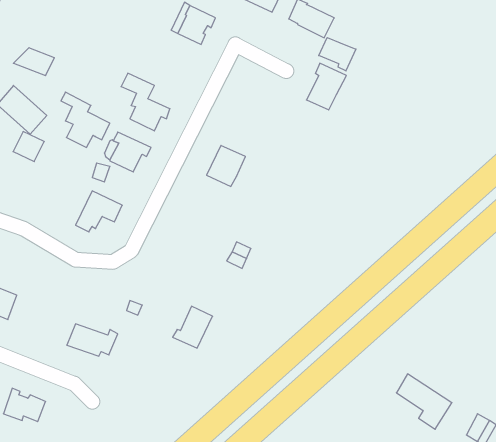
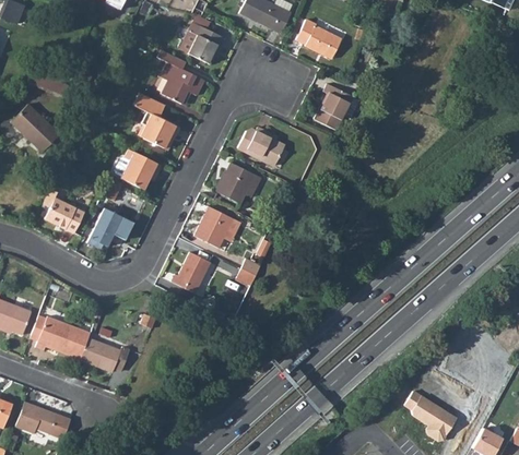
building: [319,38,356,71] -> none
building: [61,92,110,147] -> [156,48,204,103]
building: none -> [238,127,285,165]
building: [13,132,44,162] -> [45,197,75,227]
building: none -> [194,206,240,248]
building: none -> [30,314,90,359]
building: [173,306,213,348] -> [172,251,211,292]

